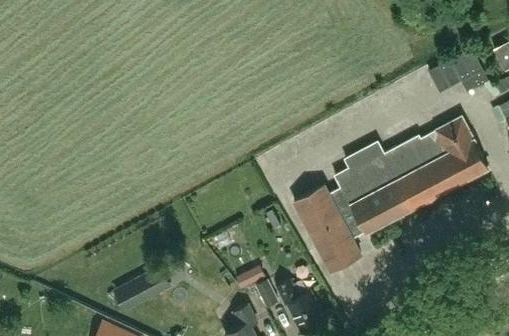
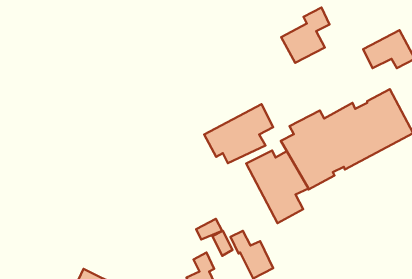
building: none -> [281,7,330,63]
building: none -> [204,104,273,163]
building: [115,269,170,310] -> none

